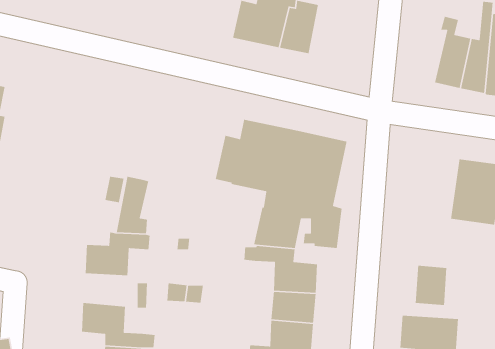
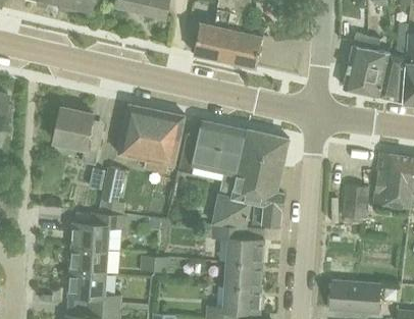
building: none -> [344,34,370,91]
building: none -> [119,104,185,174]
building: none -> [55,107,103,164]
building: [415,265,447,306] -> [343,184,369,218]
building: none -> [70,248,108,274]

